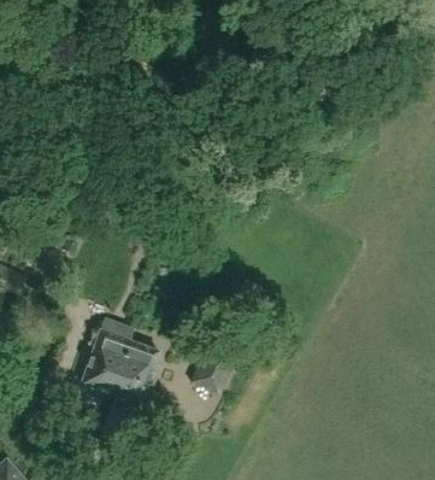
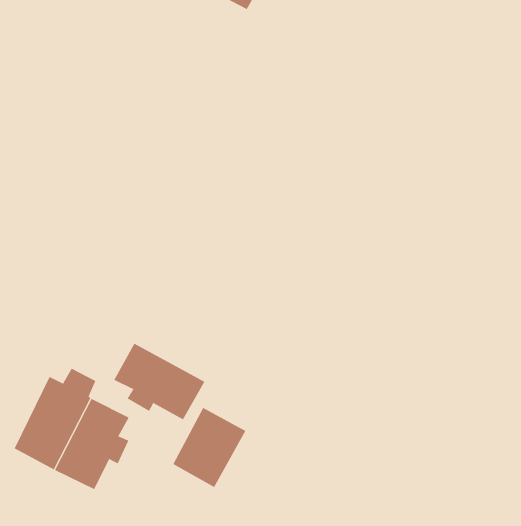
building: none -> [113,343,205,420]

